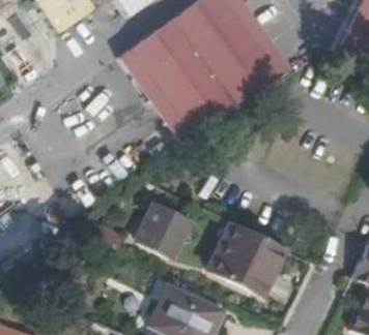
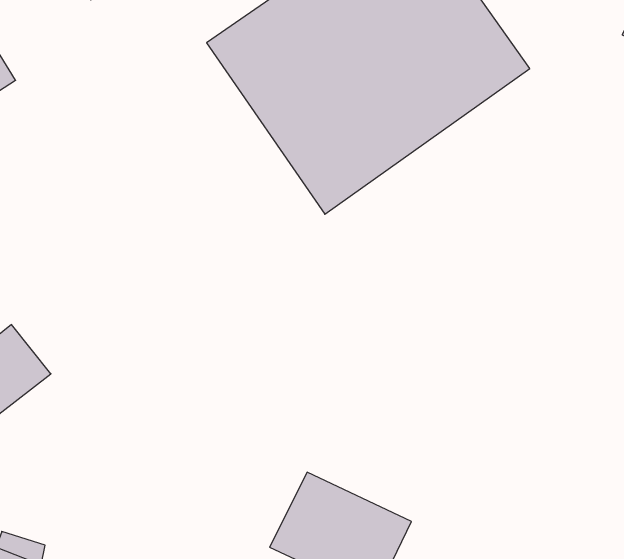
building: [149,202,189,254] -> none
building: [212,220,283,292] -> none

